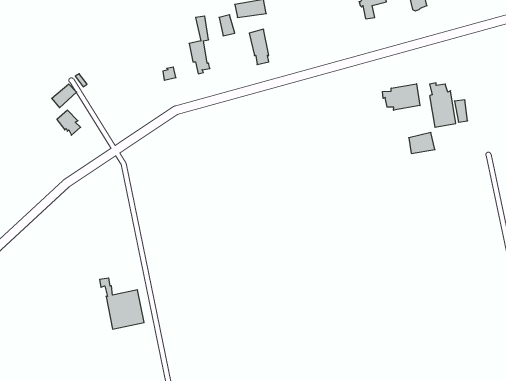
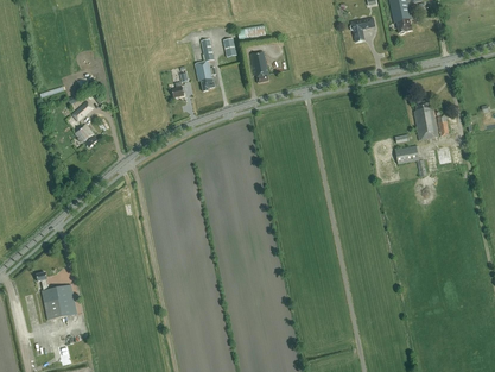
building: [382,84,420,110] -> none
building: [100,278,144,329] -> [37,272,77,319]

